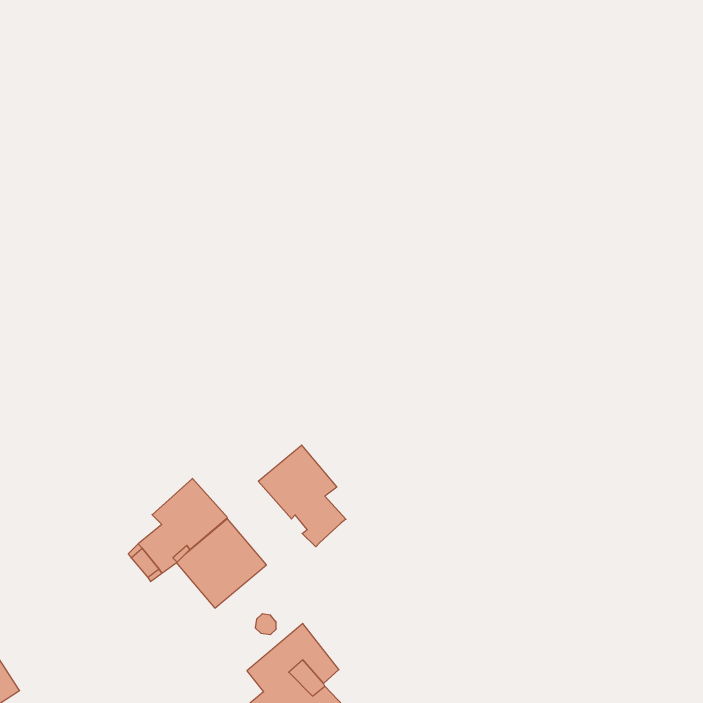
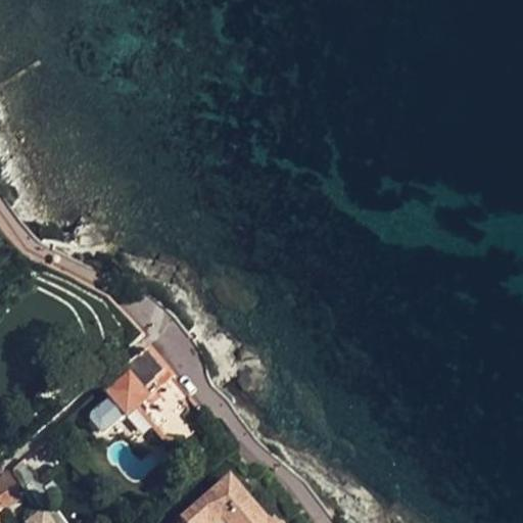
building: [258,445,346,547] -> none

